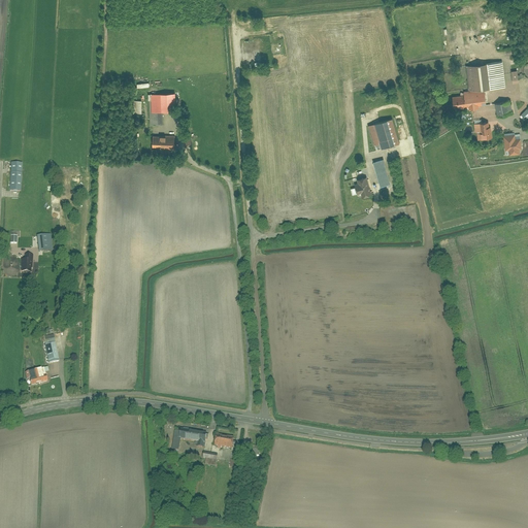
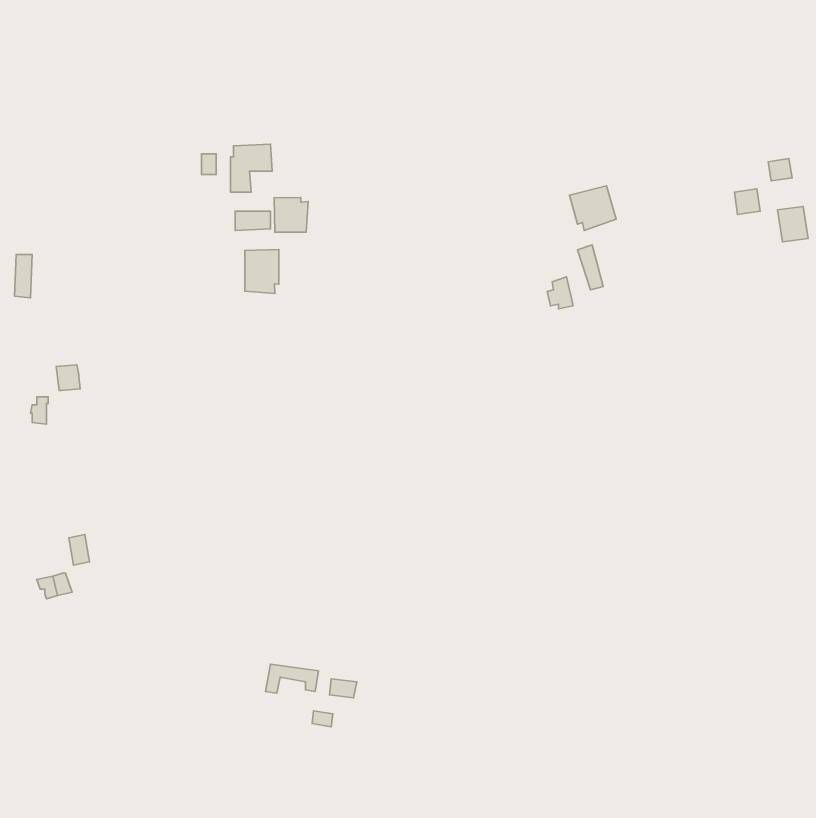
building: [452,61,503,107] -> none
building: none -> [274,198,308,232]
building: none -> [245,250,279,293]

